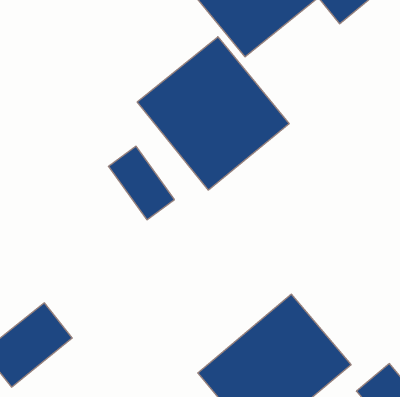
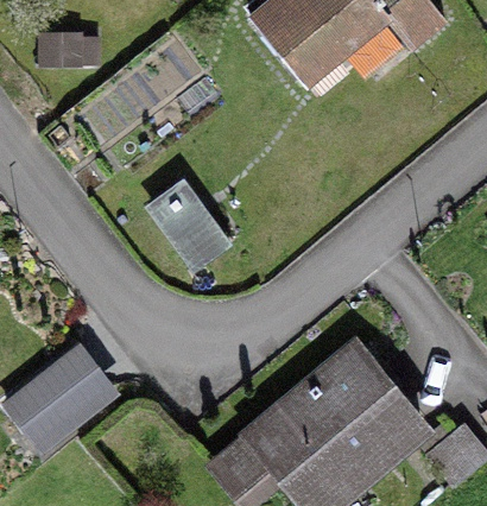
building: [137,37,289,190] -> none

